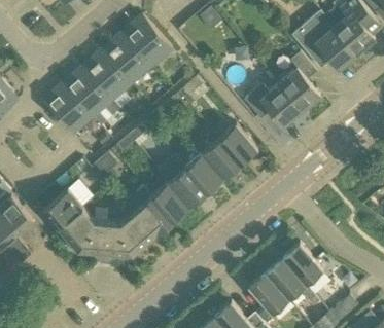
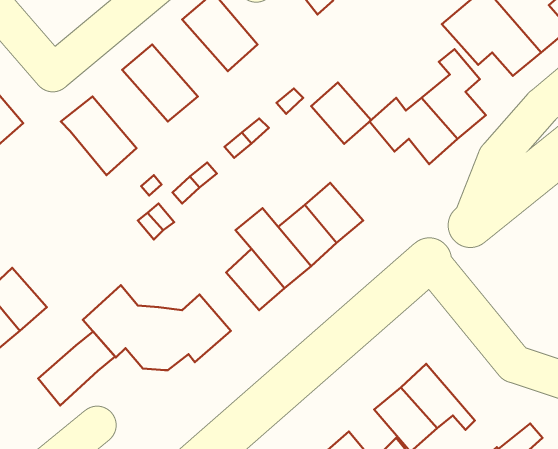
building: [102,32,151,82] -> none
building: [63,65,112,116] -> none
building: [218,123,257,163] -> [311,82,371,144]
building: [42,180,93,228] -> [38,331,115,405]
building: [133,186,172,236] -> none
building: [281,243,322,285] -> none

